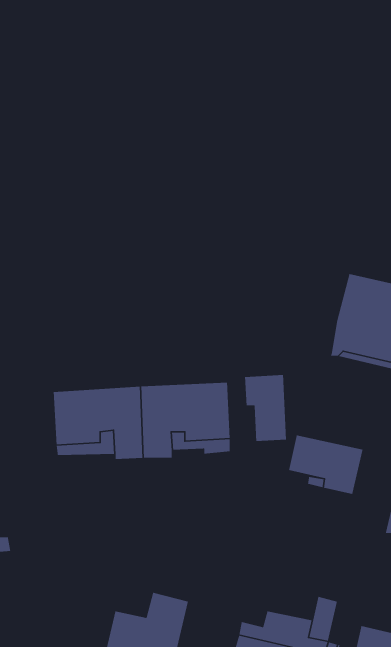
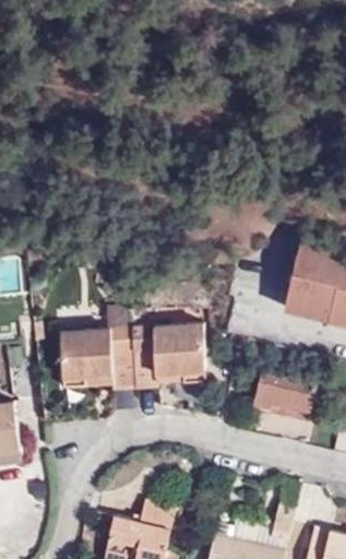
building: [244,374,287,442] -> none

